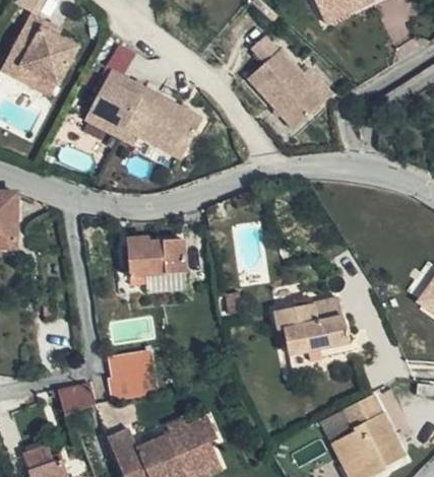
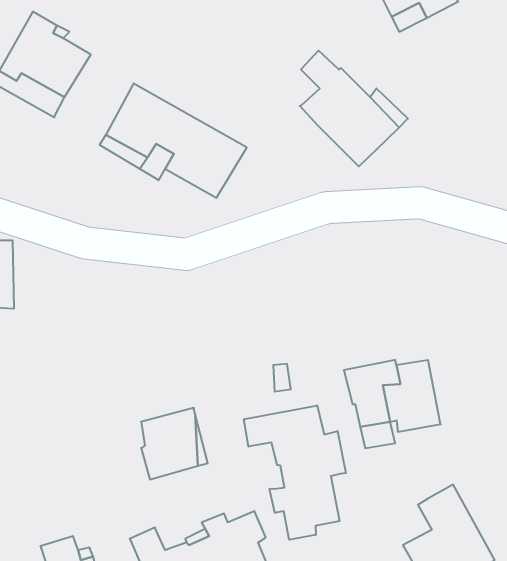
building: [132,244,172,277] -> none
building: none -> [244,405,346,540]
building: [56,381,96,414] -> none

